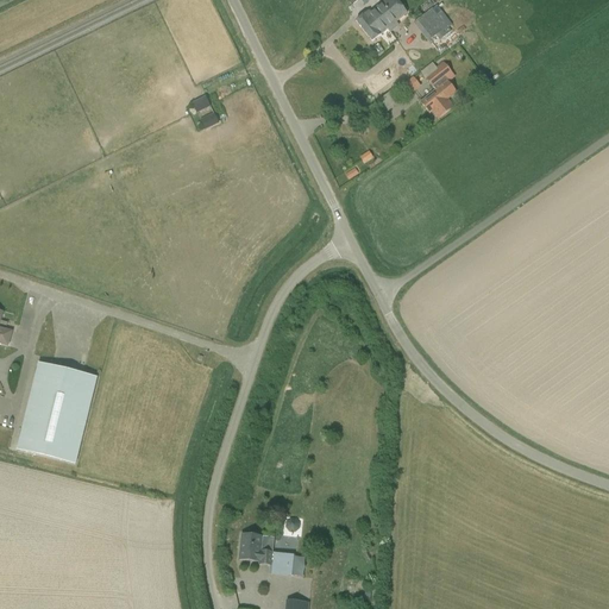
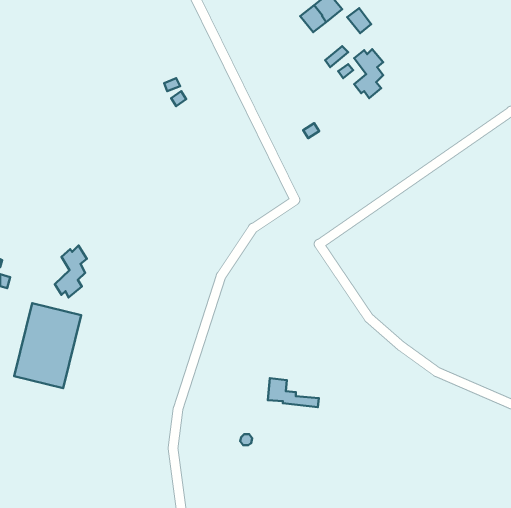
building: none -> [55,246,87,298]
building: [240,532,301,566] -> [268,378,319,407]

